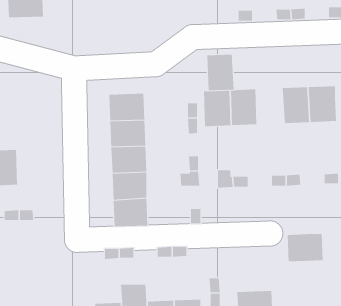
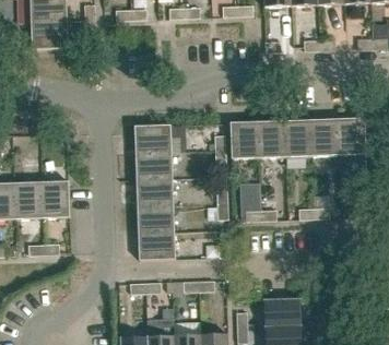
building: [207,54,235,91] -> [283,119,311,156]
building: none -> [40,180,69,217]
building: [287,234,323,262] -> [262,297,299,325]

